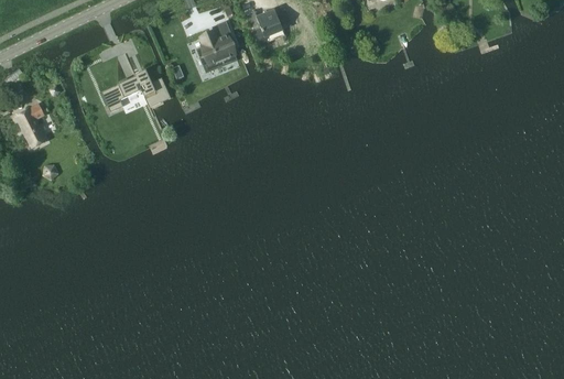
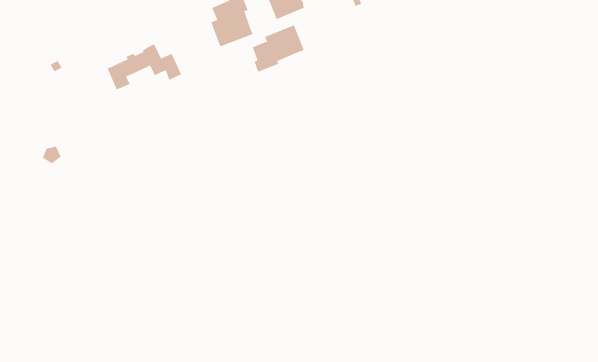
building: none -> [252,24,304,72]
building: [14,104,46,148] -> none

